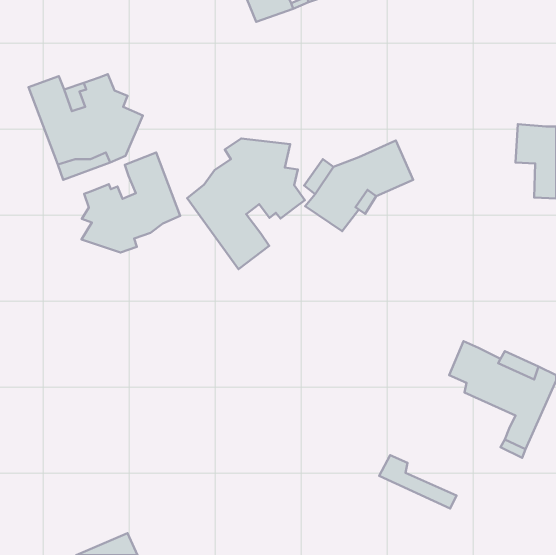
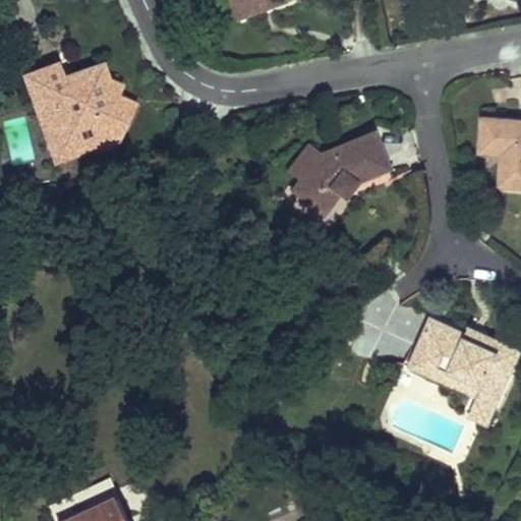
building: [187,139,305,269] -> none
building: [82,152,180,252] -> none
building: [379,455,457,509] -> [409,350,481,400]

